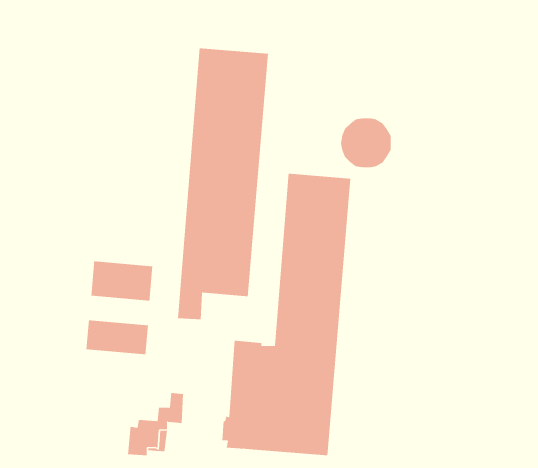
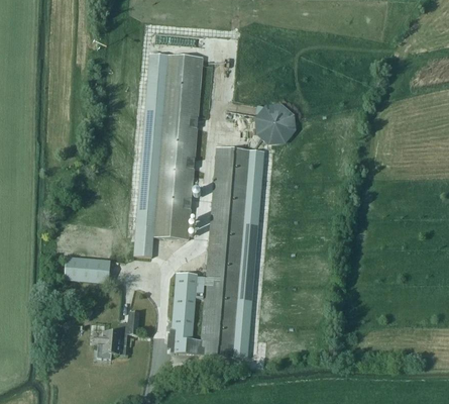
building: [91,261,153,302] -> none

